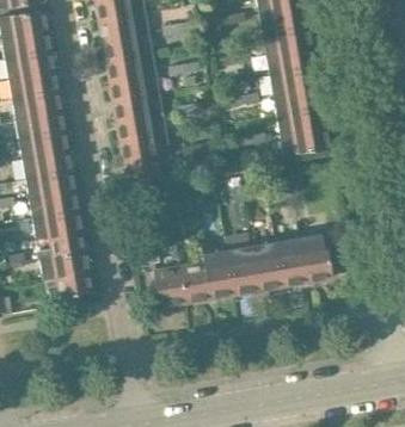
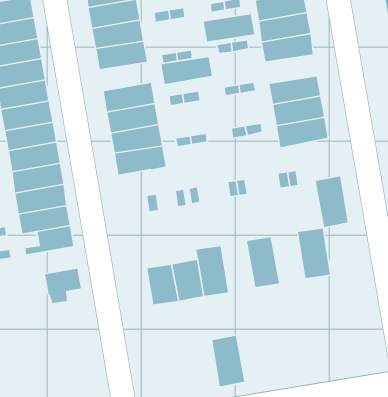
building: [268,67,318,94] -> [203,14,255,42]
building: [109,74,159,101] -> [161,56,213,85]
building: [274,236,306,286] -> [315,176,348,228]
building: [226,245,258,295] -> [212,335,245,387]
building: [38,250,88,279] -> none

